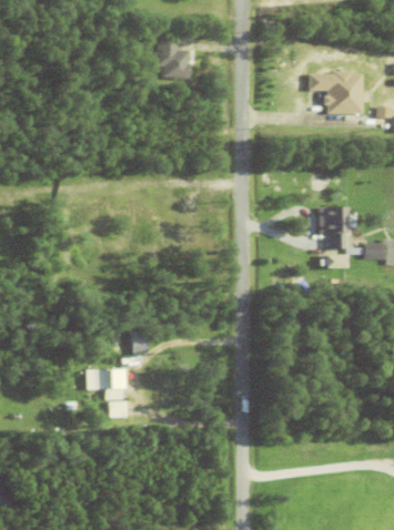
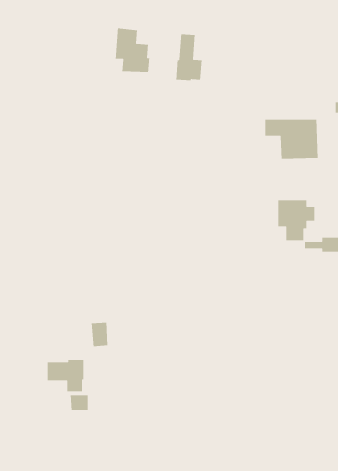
building: none -> [175,33,202,81]
building: [310,74,364,115] -> [264,119,318,160]

